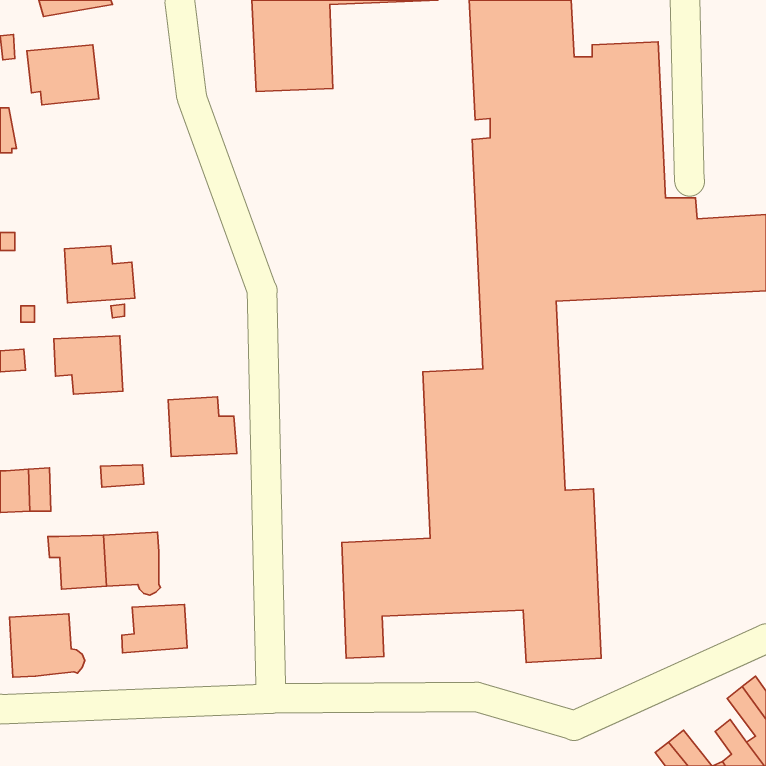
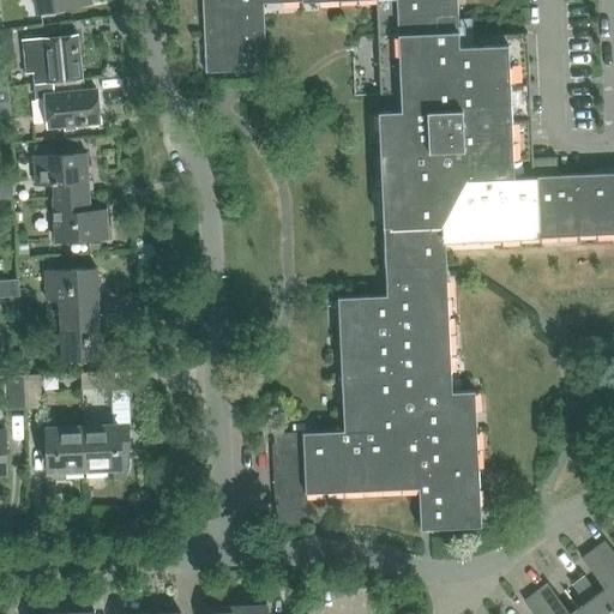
building: none -> [34,79,100,126]
building: none -> [32,150,89,199]
building: [168,397,237,457] -> [59,313,114,361]
building: [122,604,187,653] -> none
building: [9,614,85,677] -> none

